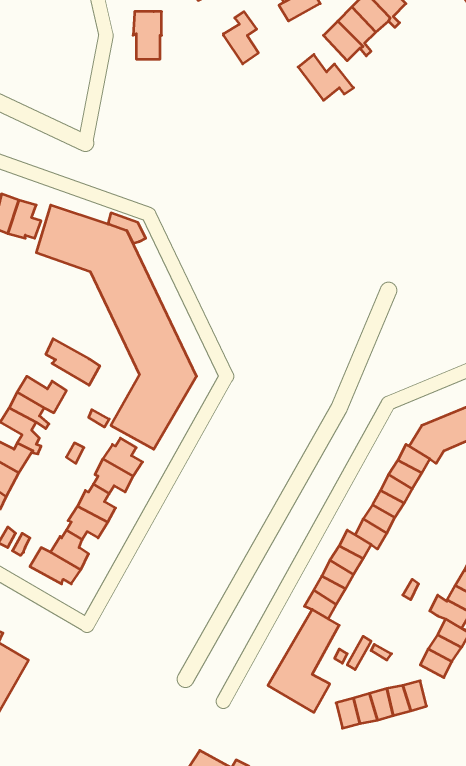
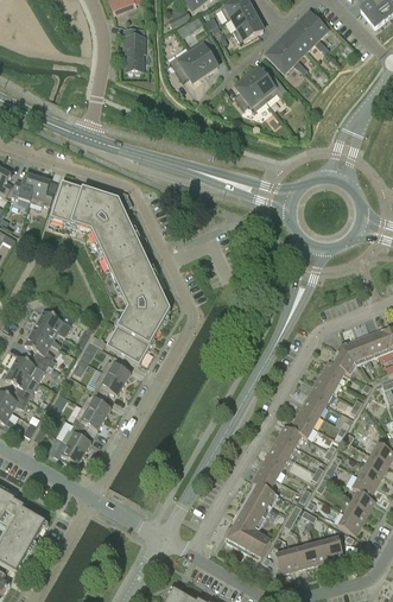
building: none -> [169,49,205,83]
building: none -> [234,77,266,110]
building: [46,339,100,385] -> none

